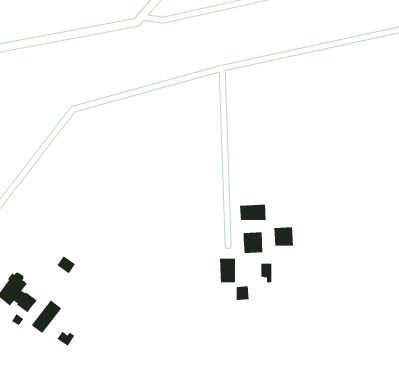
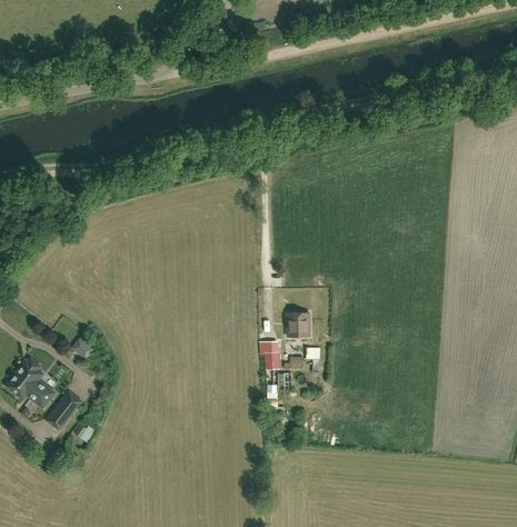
building: [240,204,266,221] -> none
building: [274,227,293,246] -> none

